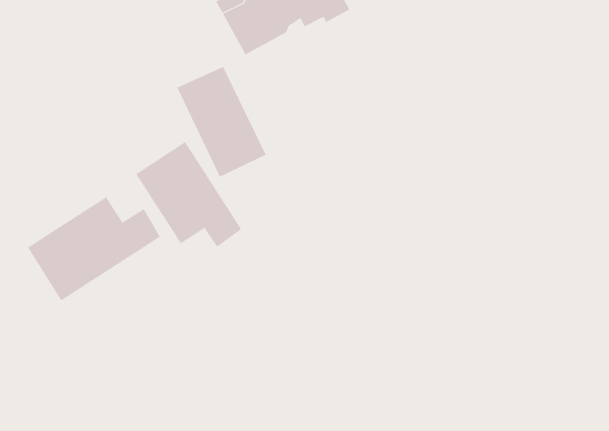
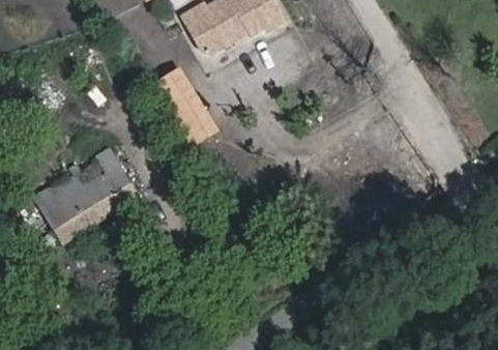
building: [135,141,242,247] -> none

